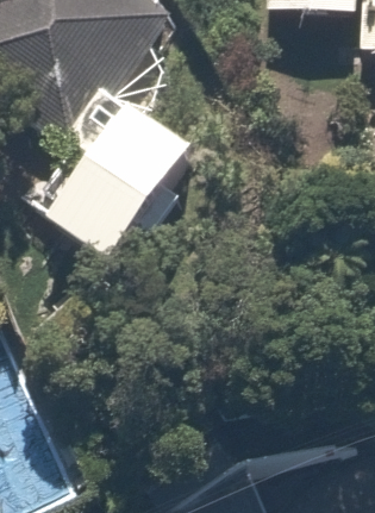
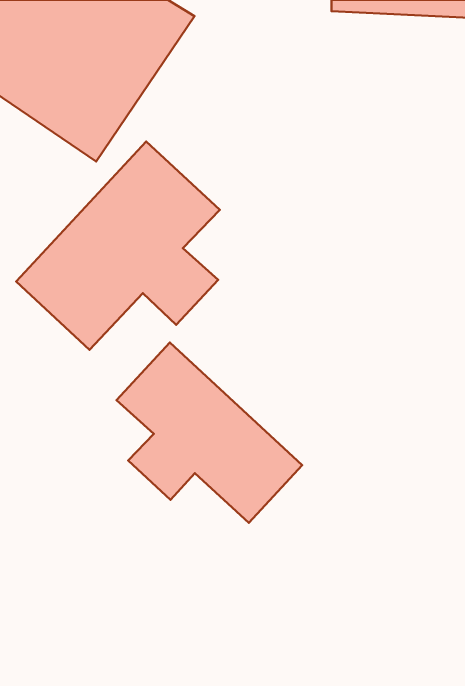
building: none -> [117,342,302,523]

